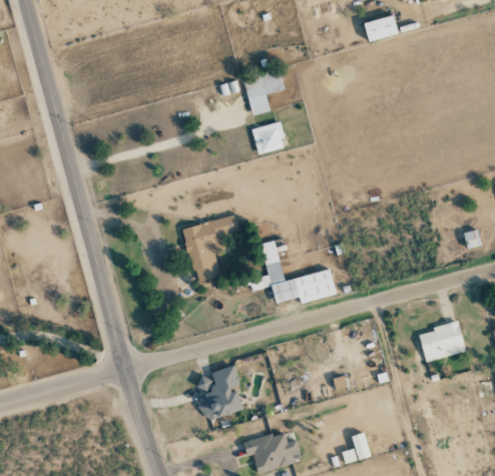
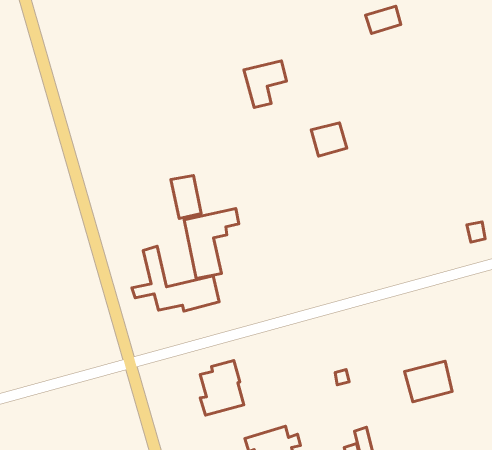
building: [251,121,286,154] -> [311,123,347,156]
building: none -> [171,175,201,219]
building: [250,240,336,304] -> [132,246,219,311]
building: [418,322,465,362] -> [405,361,452,402]

